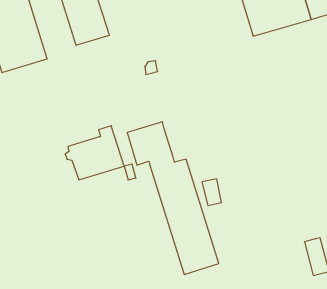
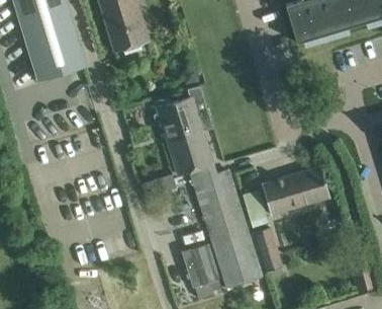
building: [65,126,124,180] -> [153,86,213,142]
building: none -> [261,166,329,215]
building: none -> [255,228,282,271]
building: none -> [181,243,218,288]

